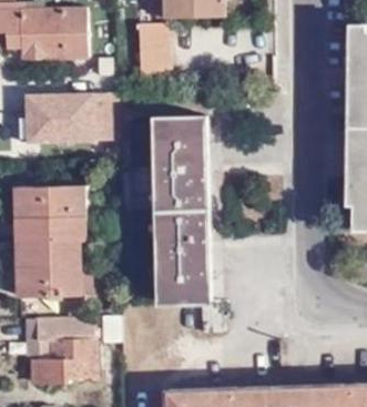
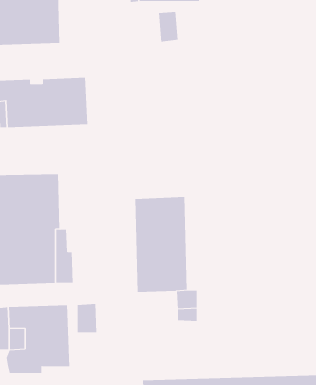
building: [139,26,166,80] -> none
building: [154,118,207,211] -> none

